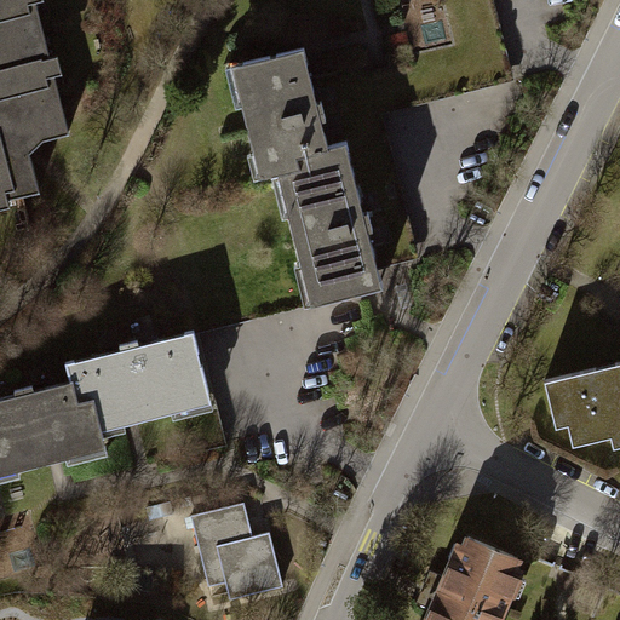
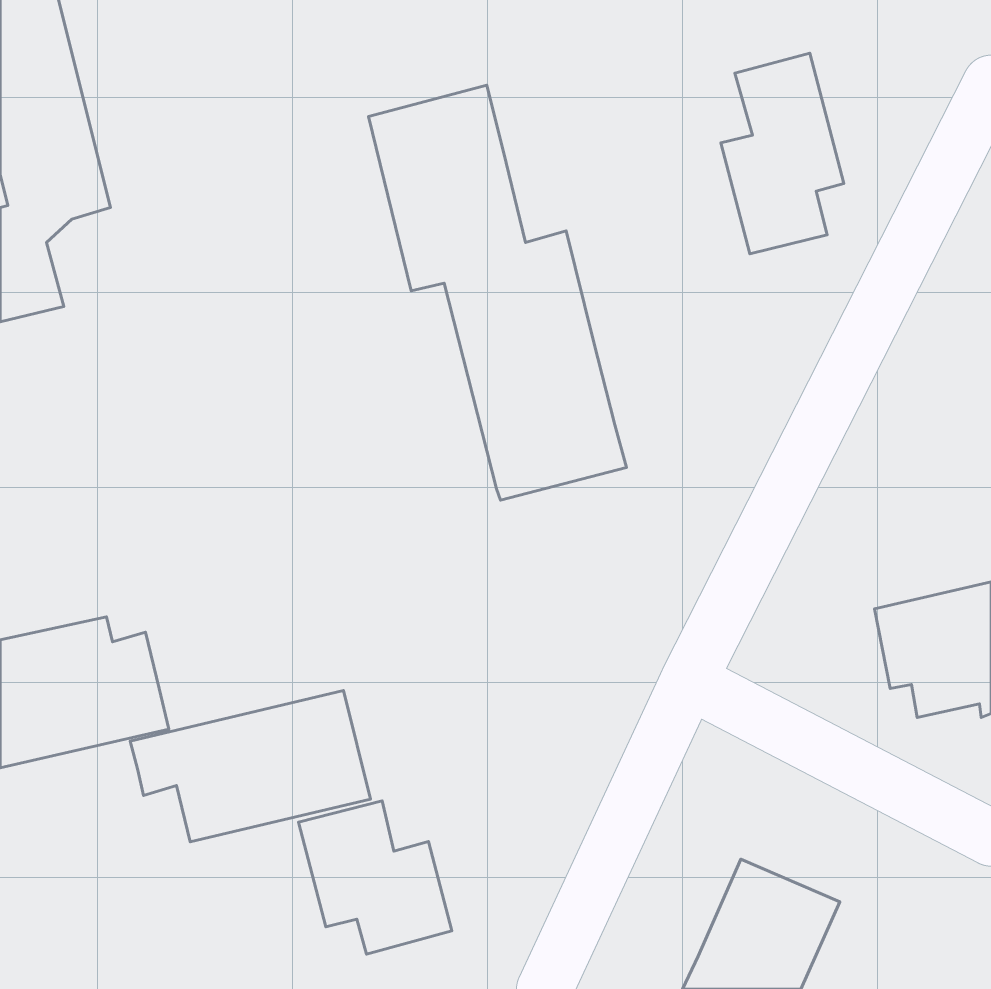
building: none -> [721,53,844,254]
building: [62,335,212,430] -> [130,691,371,842]

